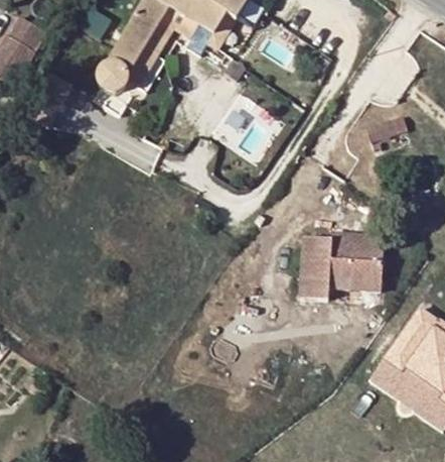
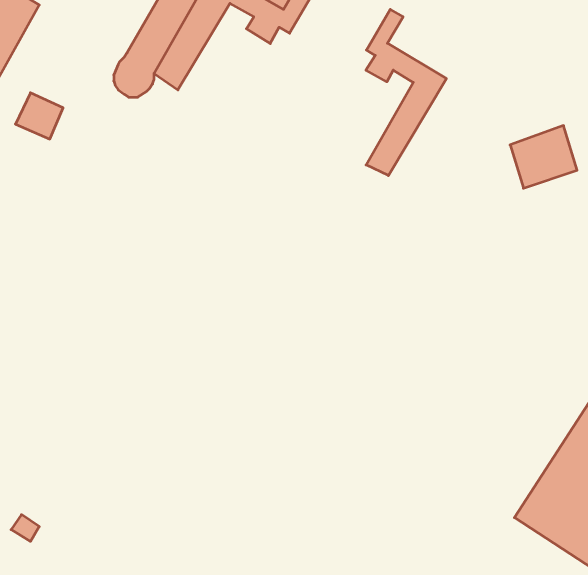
building: none -> [366,9,446,176]
building: [297,232,382,301] -> none

